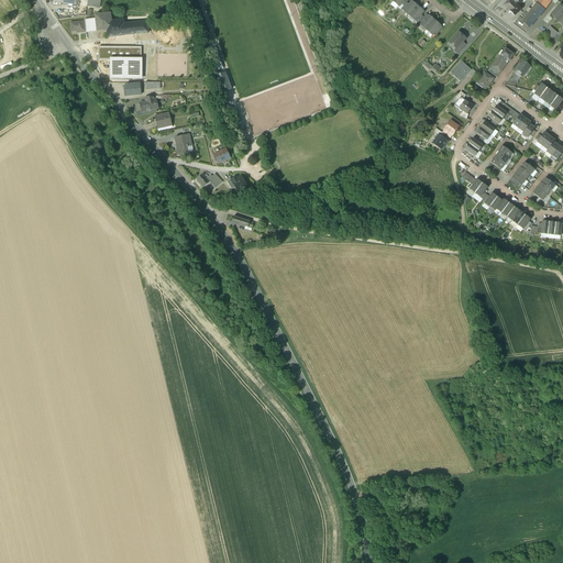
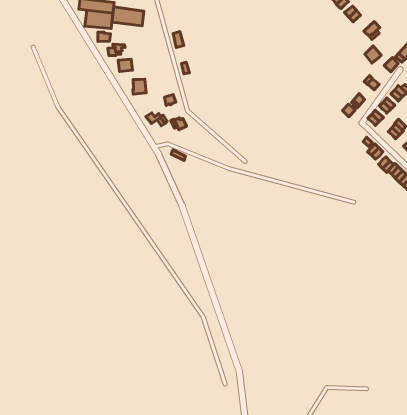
building: none -> [112,7,144,26]

